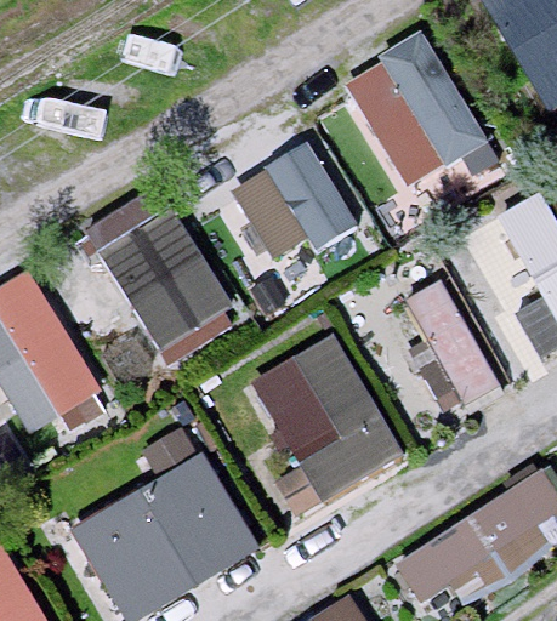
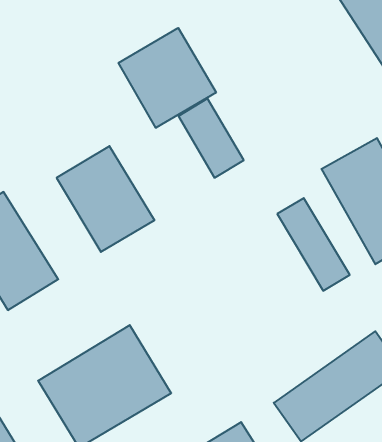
building: [346,34,487,186] -> none
building: none -> [119,28,216,128]
building: [255,335,404,515] -> none

